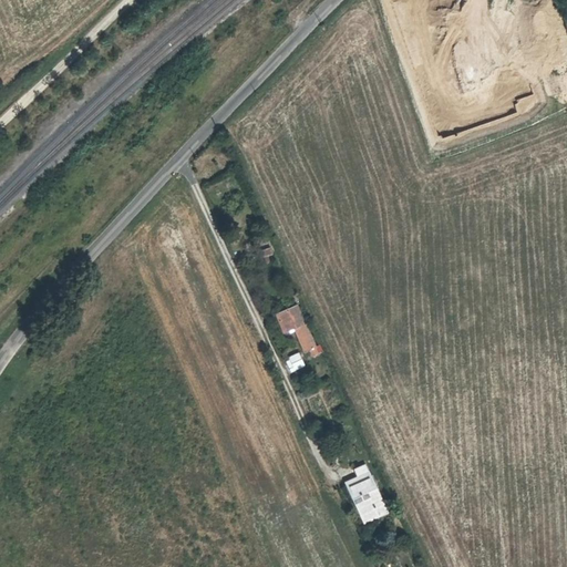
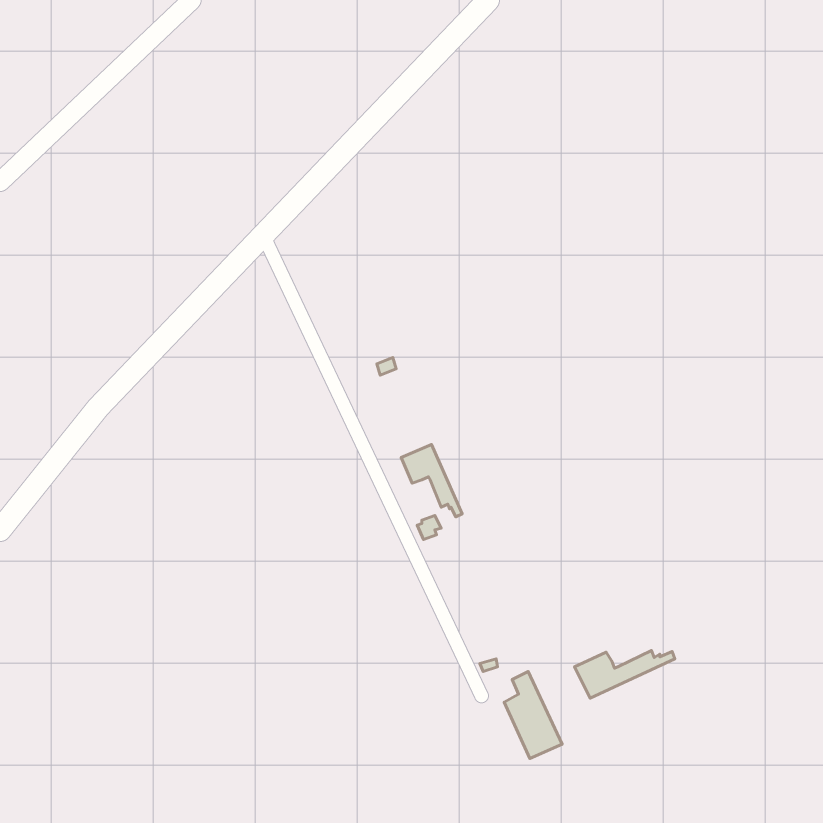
building: none -> [575,650,675,698]

